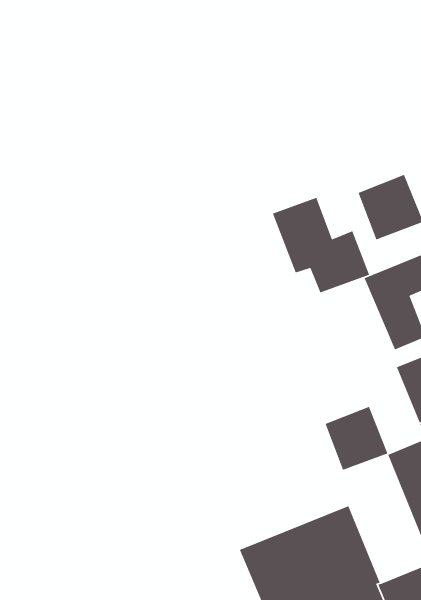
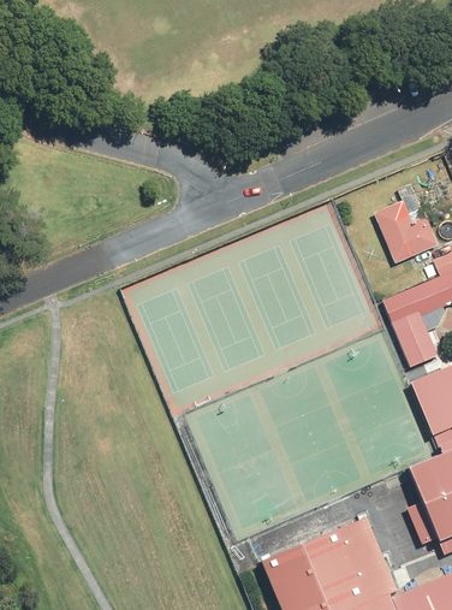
building: [272,197,370,293] -> none
building: [324,406,389,471] -> none

